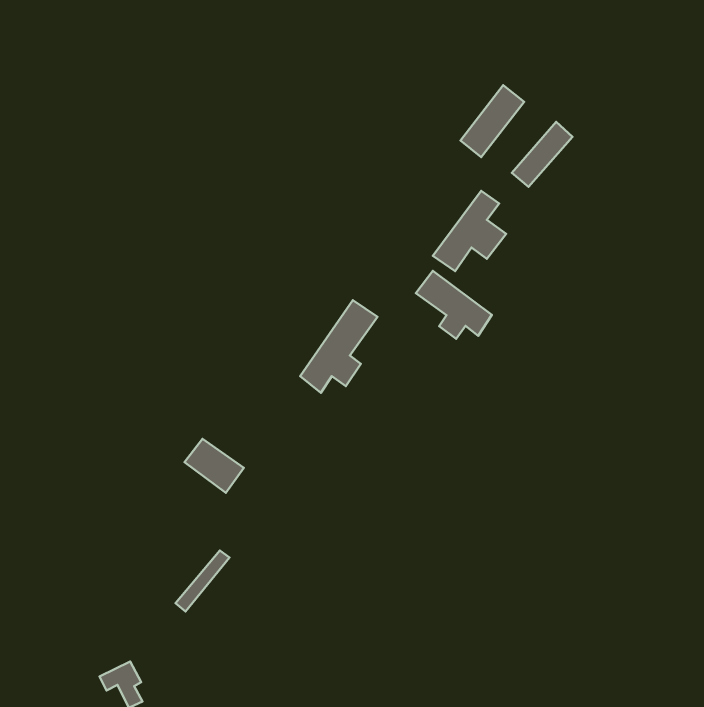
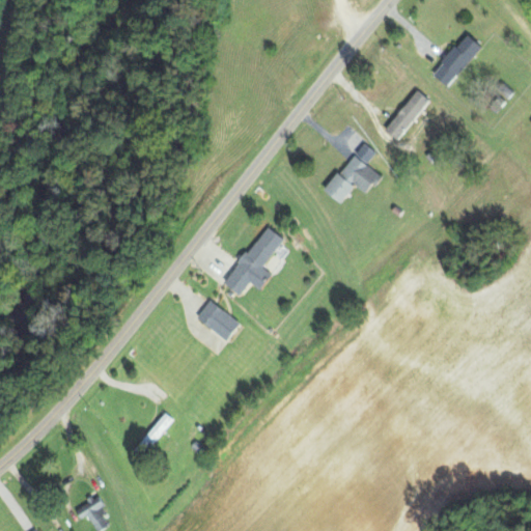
building: [460,85,524,157] -> [432,34,480,88]
building: [416,271,492,339] -> none
building: [184,439,244,493] -> [196,300,241,340]

